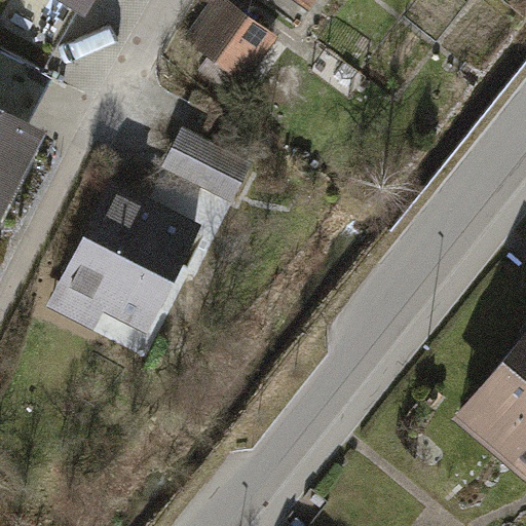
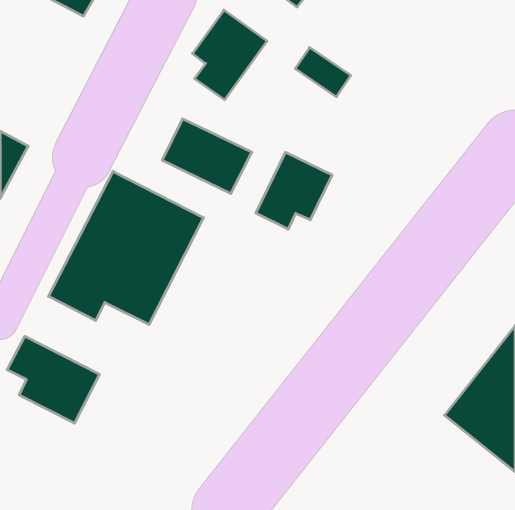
building: none -> [256,152,332,229]
building: none -> [7,336,99,423]

